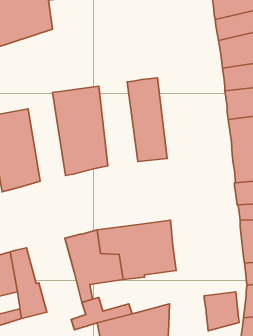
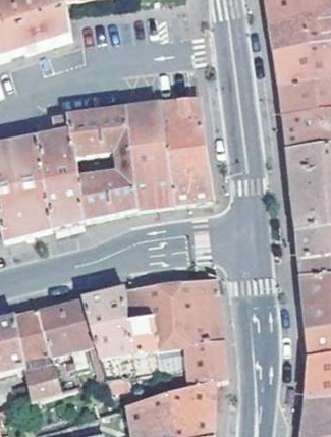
building: none -> [125,104,174,209]
building: none -> [34,117,84,228]
building: none -> [35,299,95,365]
building: [204,292,239,331] -> [182,340,226,389]

